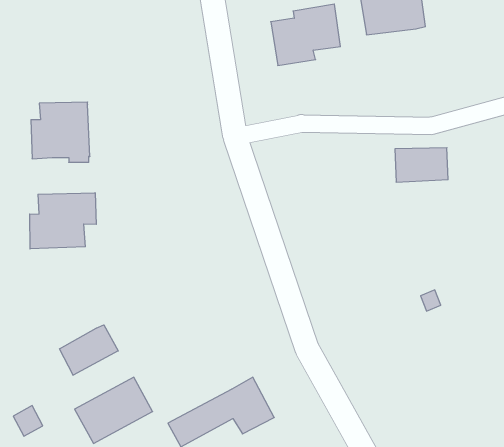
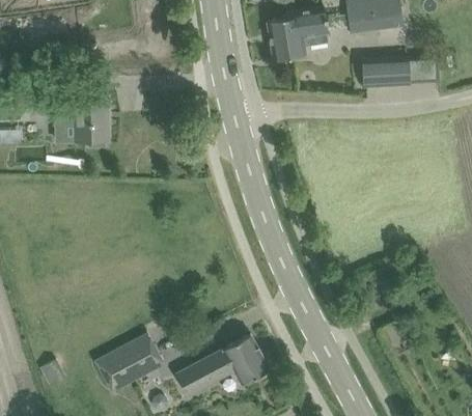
building: [395,148,448,182] -> [361,56,408,86]
building: [30,193,96,249] -> none
building: [60,325,118,375] -> none

